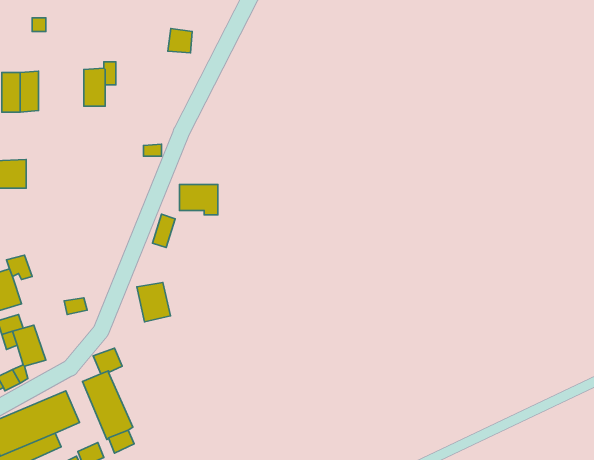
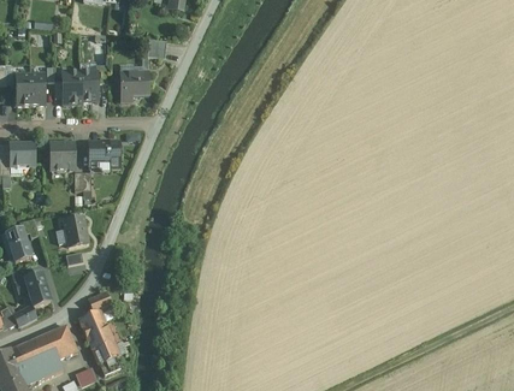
building: none -> [63,70,81,102]
building: none -> [120,71,149,100]
building: none -> [49,141,76,168]
building: [180,185,218,215] -> [89,141,119,165]
building: [137,282,170,322] -> [63,214,89,245]

